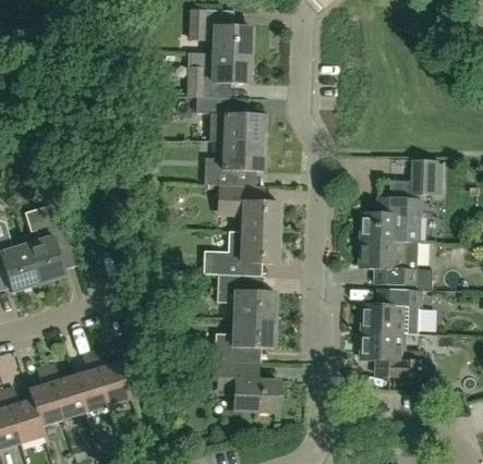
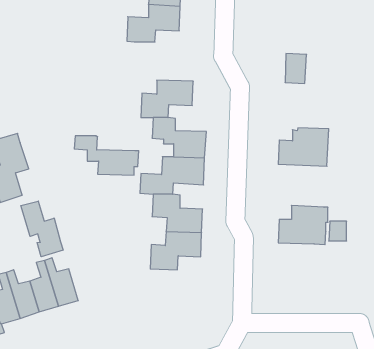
building: [194,97,269,143] -> [74,136,139,175]
building: [413,160,438,195] -> [285,54,307,83]
building: [362,240,435,290] -> none
building: none -> [21,201,63,257]
building: [362,331,437,377] -> none
building: [216,364,278,412] -> none

